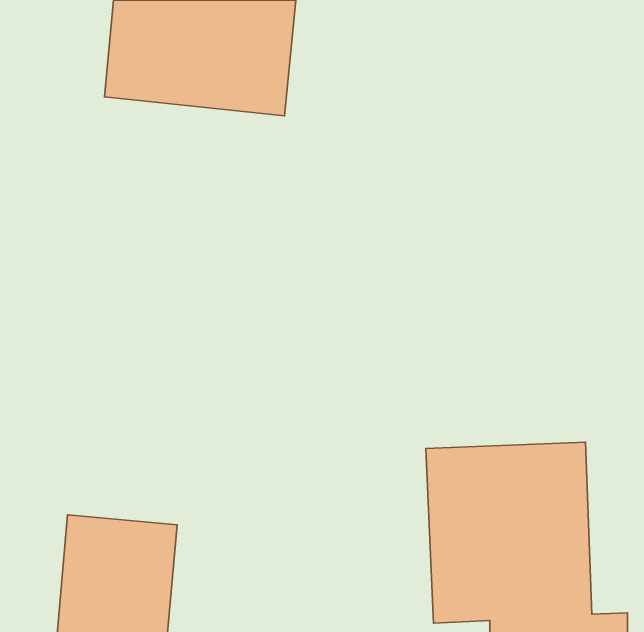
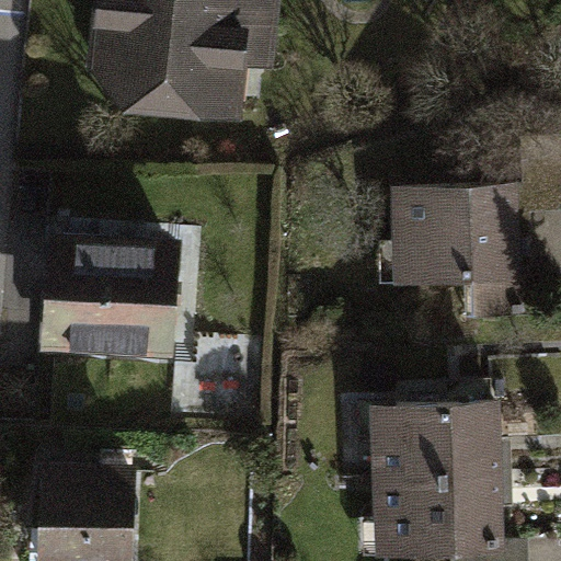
building: none -> [394,183,531,293]
building: none -> [42,243,179,365]

